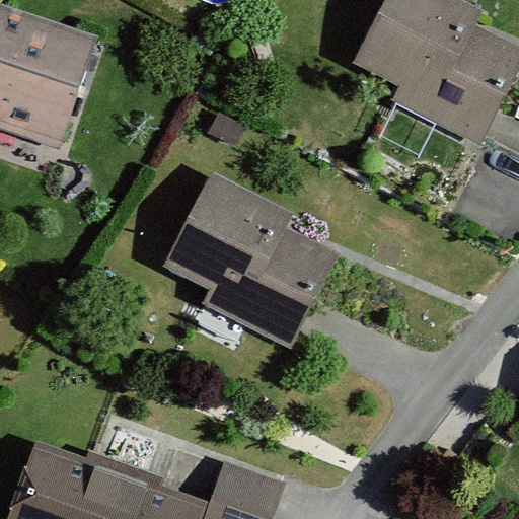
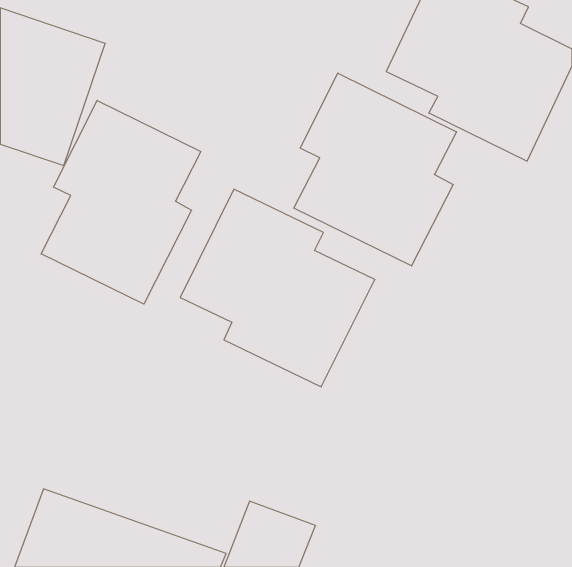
building: none -> [294,73,457,266]
building: none -> [41,100,201,304]

